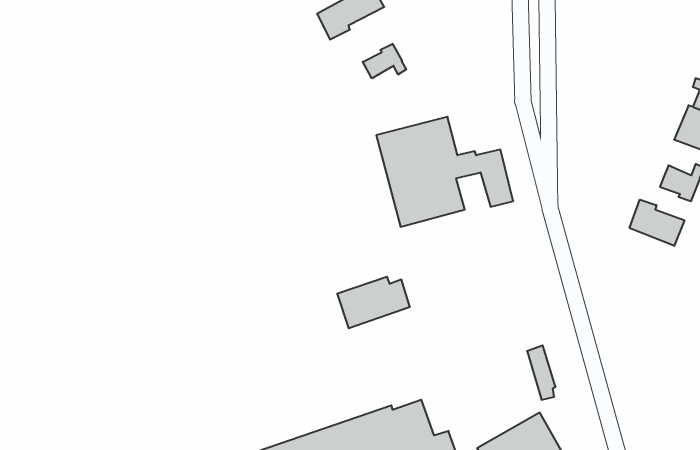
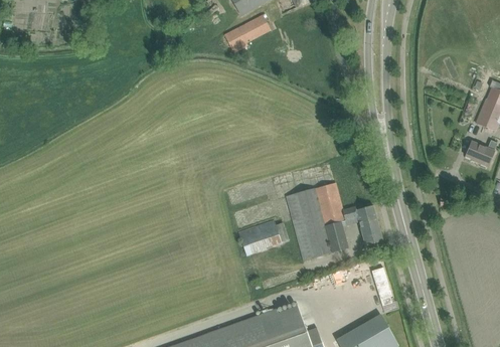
building: [363,44,406,78] -> none
building: [376,117,513,227] -> [286,182,382,259]
building: [630,200,684,246] -> none

